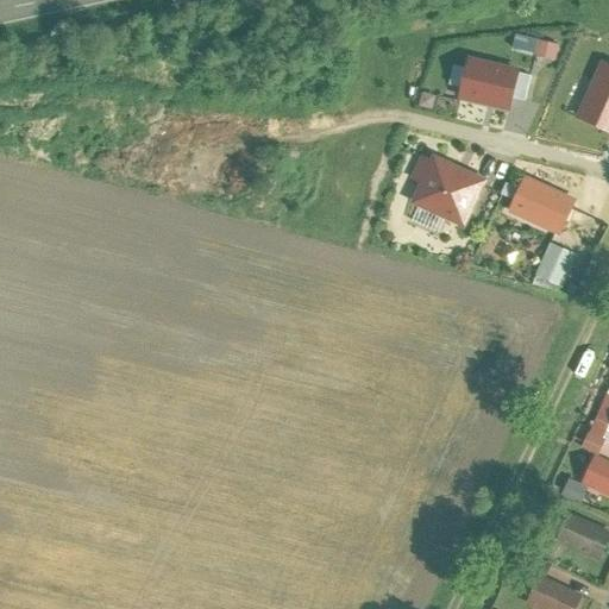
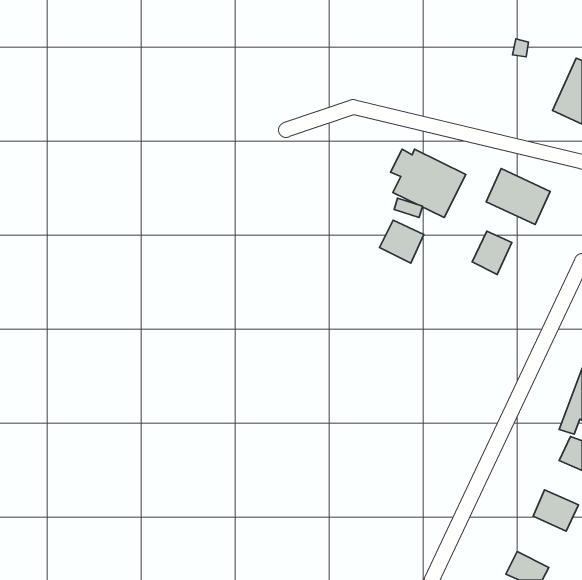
building: [458,58,517,111] -> none
building: none -> [380,220,424,263]
building: [536,241,578,287] -> [472,231,512,274]

